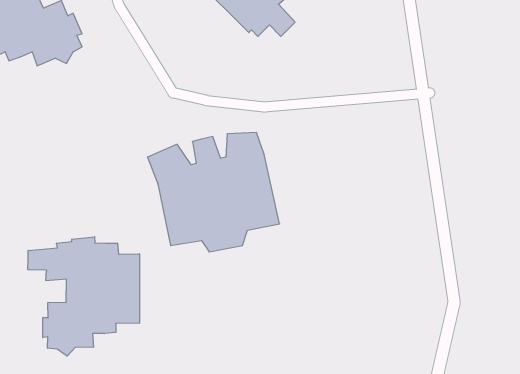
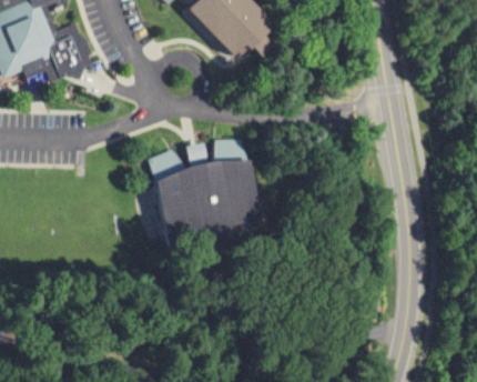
building: [28,237,139,356] -> none

